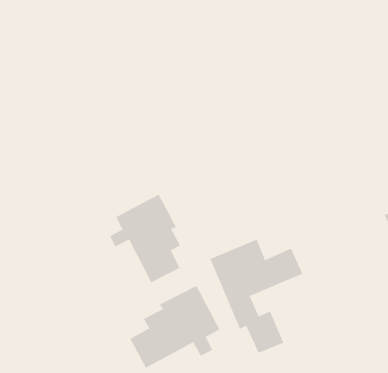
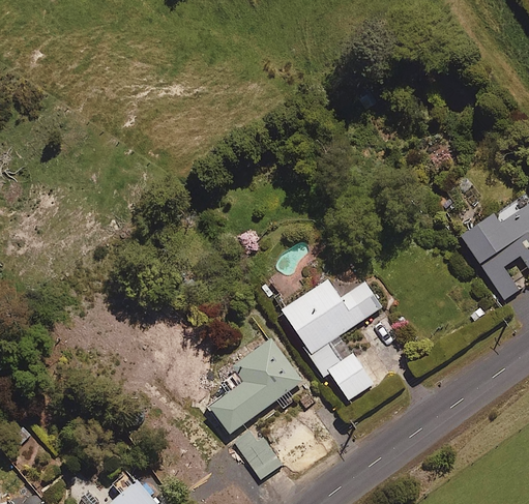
building: [109,194,181,283] -> none

